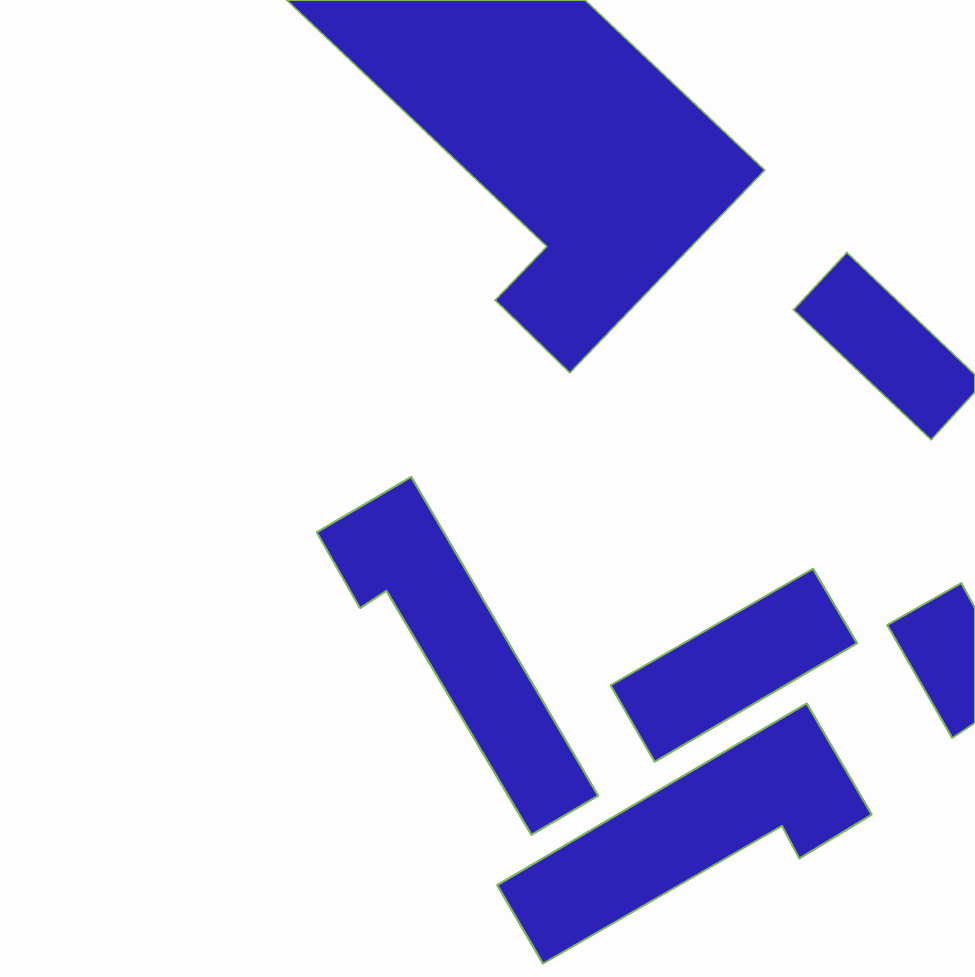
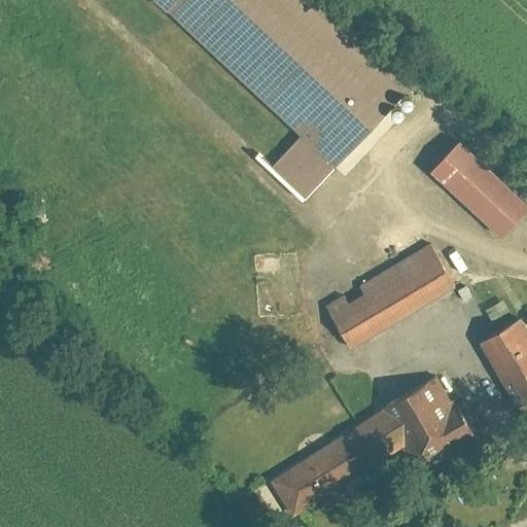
building: [317,477,598,835] -> none
building: [611,569,857,762] -> [321,245,454,349]

